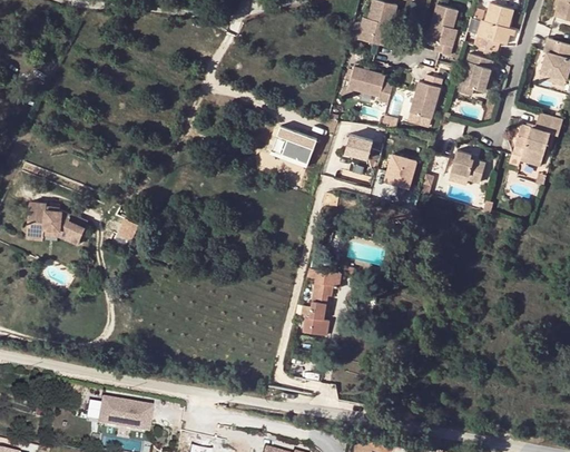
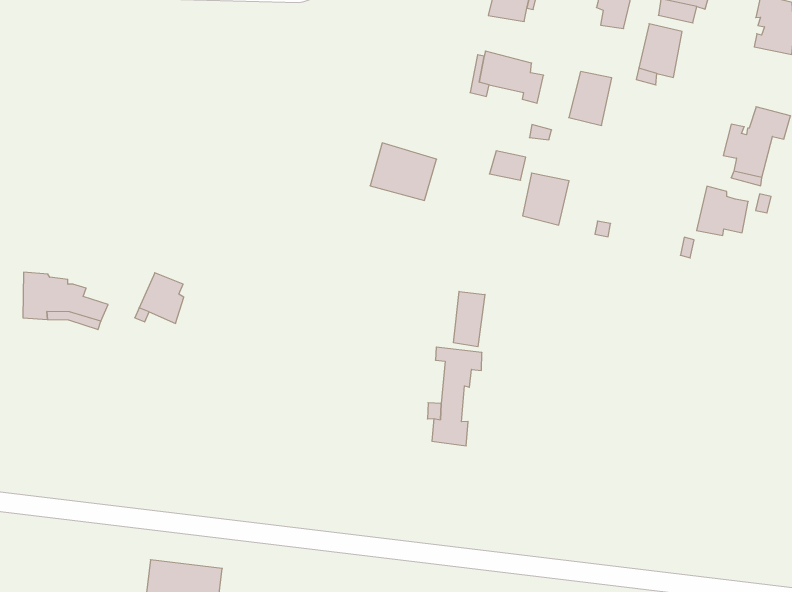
building: [450,151,487,186] -> [697,186,748,235]
building: none -> [454,291,485,347]

